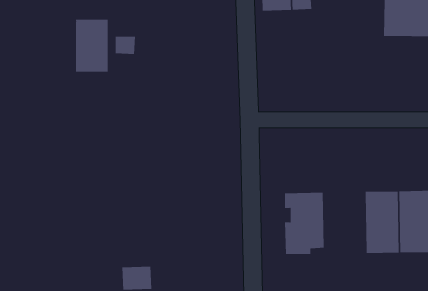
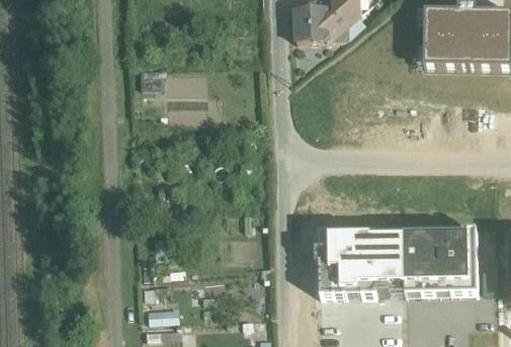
building: [75,19,108,73] -> none
building: none -> [360,230,405,294]

